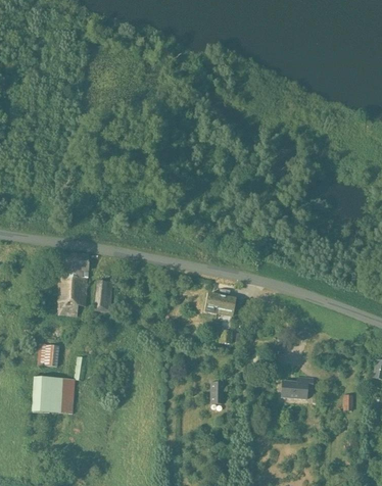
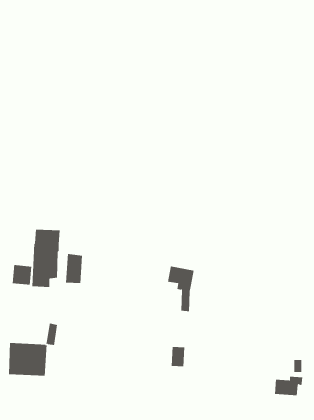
building: [37,343,59,366] -> [12,265,32,285]
building: [281,378,313,399] -> [274,376,303,396]

